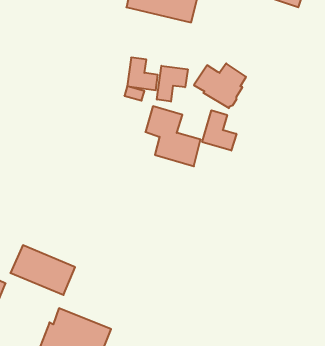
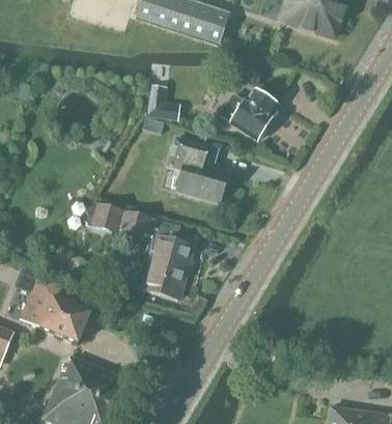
building: [157,66,188,102] -> none
building: [202,110,236,151] -> none
building: none -> [88,203,193,299]

